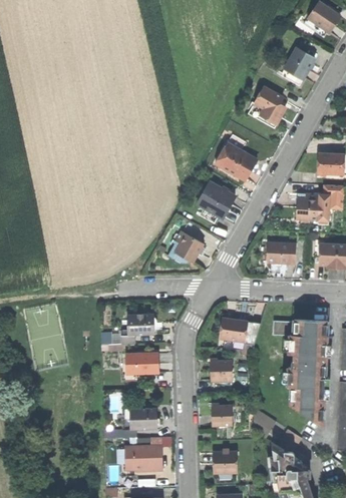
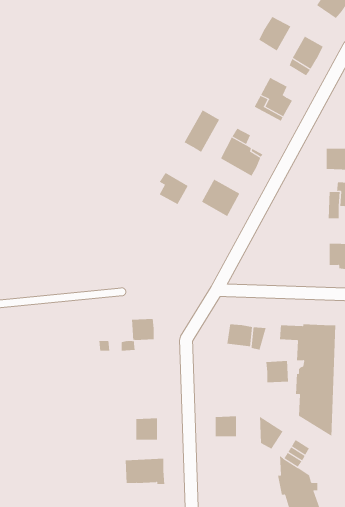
building: none -> [258,16,291,51]
building: none -> [184,109,220,153]
building: [296,192,319,219] -> none
building: [176,230,204,262] -> [159,172,188,205]
building: [269,242,296,265] -> none
building: [125,354,158,374] -> none
building: [209,361,231,382] -> [266,361,289,383]
building: [215,454,237,476] -> none

